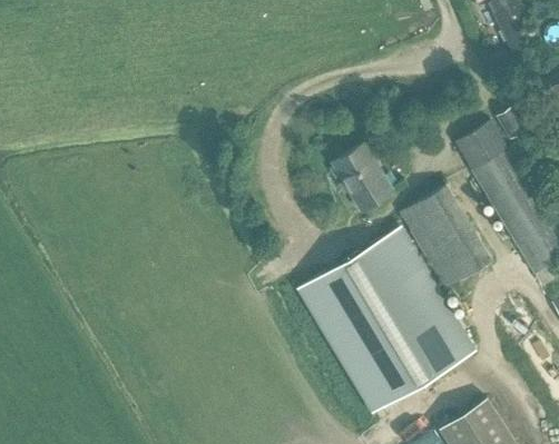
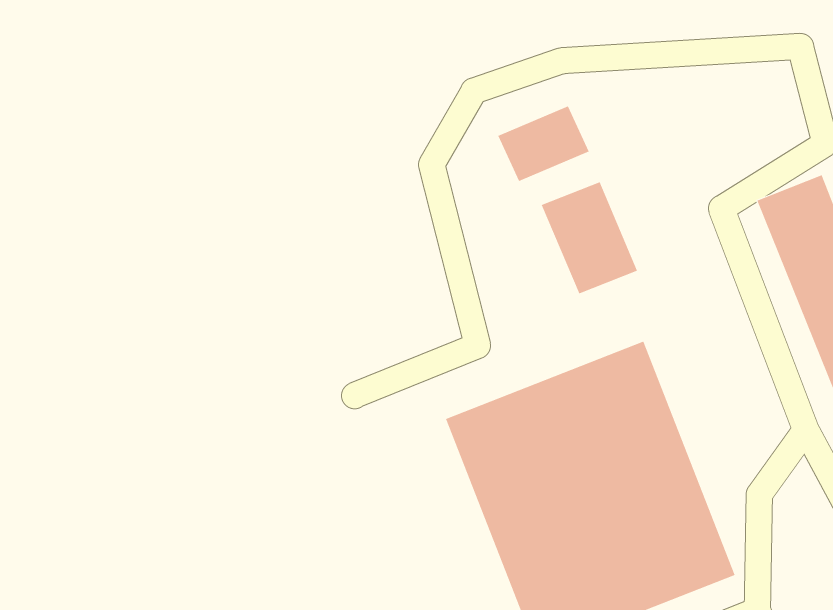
building: none -> [498,105,589,182]
building: [403,184,492,285] -> none

